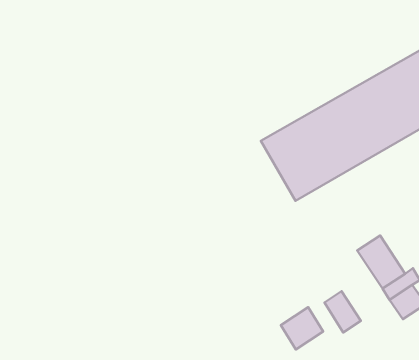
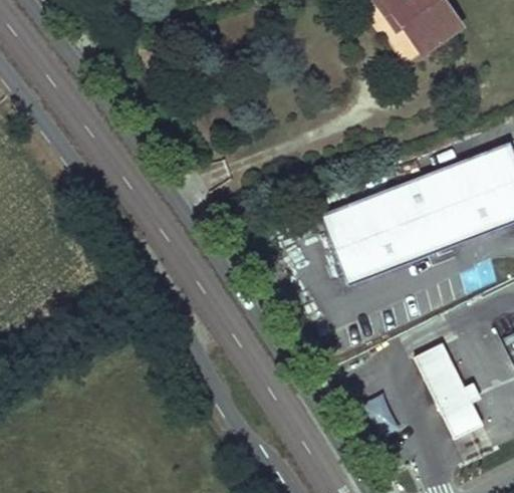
building: [281,307,323,349] -> none

